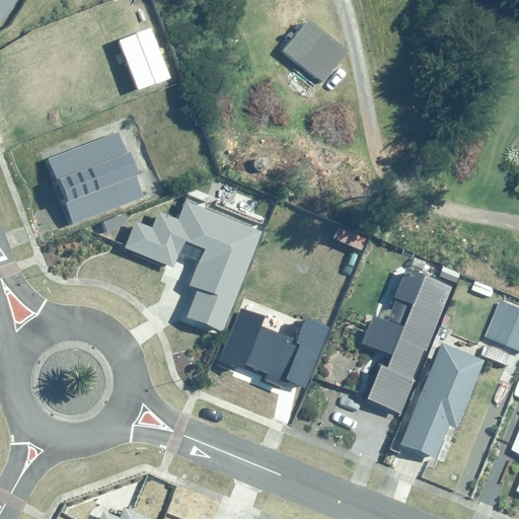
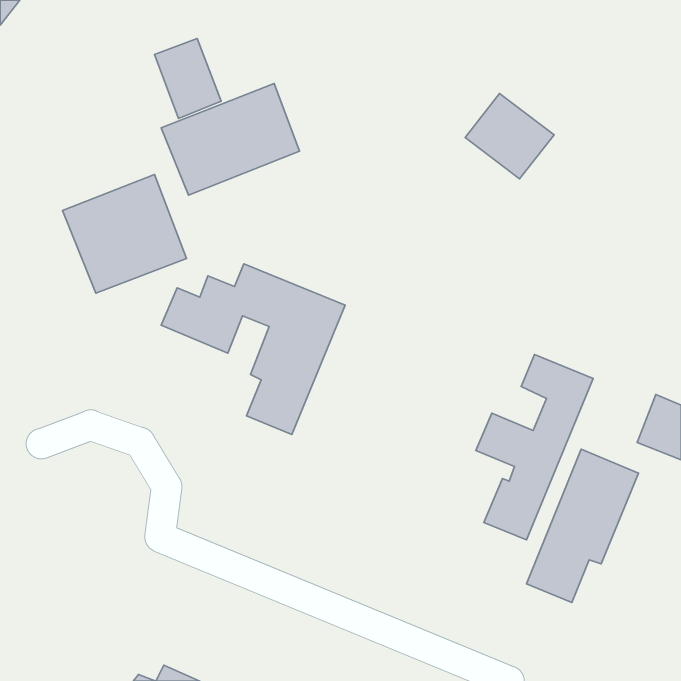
building: [281,18,349,83] -> [465,93,554,179]
building: none -> [161,83,300,195]
building: [220,308,331,389] -> none

